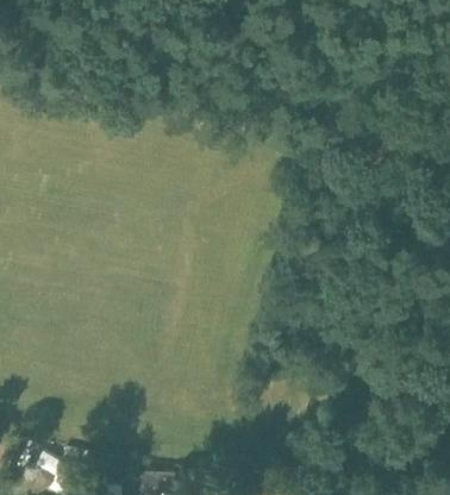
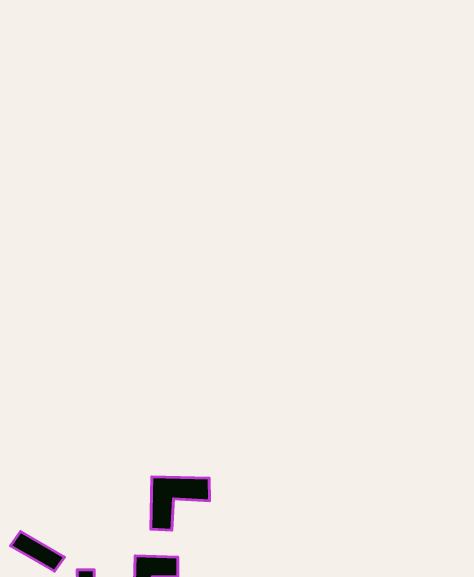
building: none -> [151,477,210,530]

